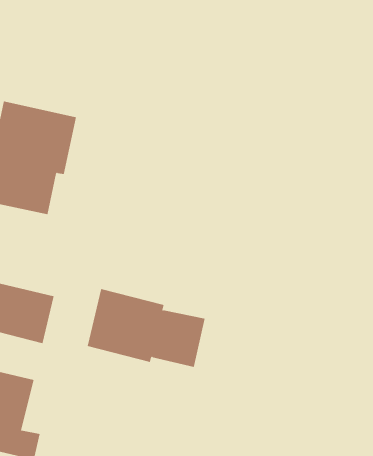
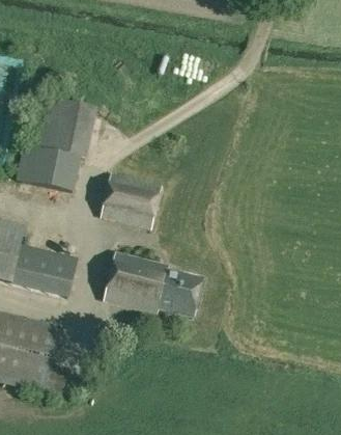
building: none -> [100,174,161,229]

